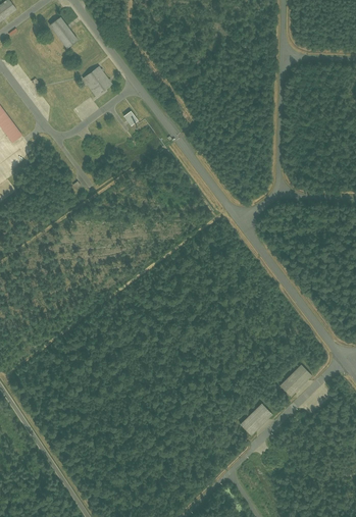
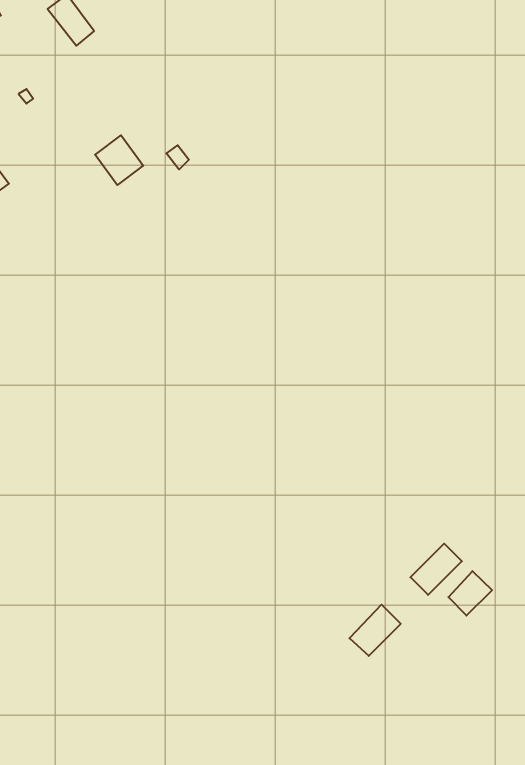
building: [81,65,111,97] -> [95,135,143,185]
building: none -> [448,571,492,616]

